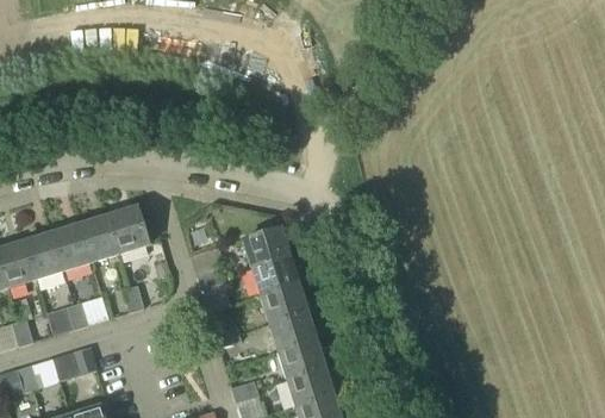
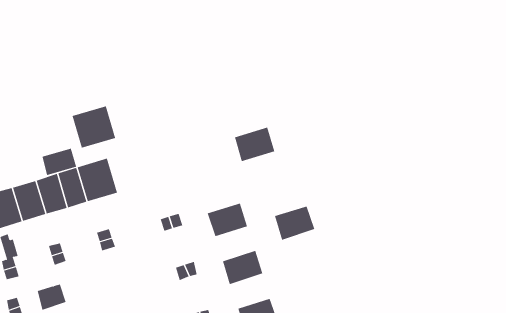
building: none -> [72,106,116,148]
building: none -> [42,148,77,176]
building: [243,227,291,268] -> [234,127,275,162]
building: [261,283,308,324] -> [274,206,315,240]
building: [277,338,325,379] -> none

